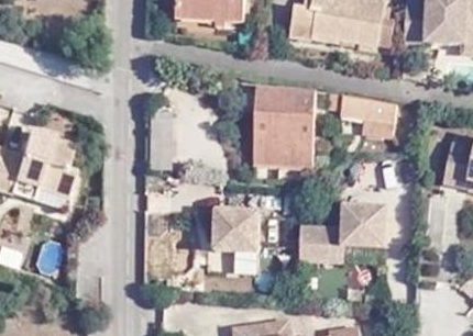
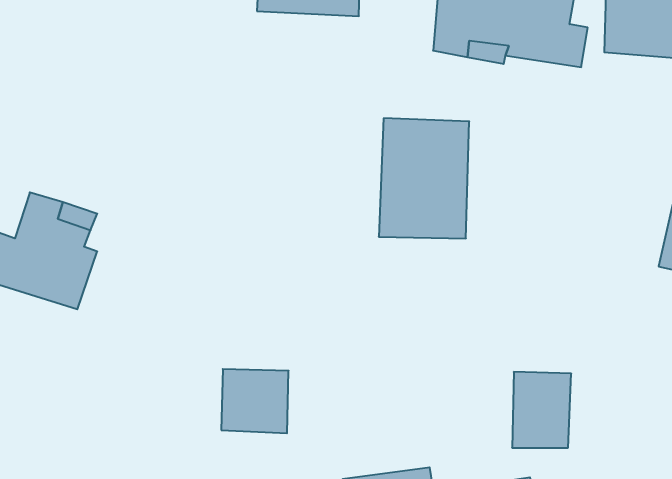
building: [330,90,397,134] -> none
building: [299,201,386,259] -> none
building: [213,206,258,249] -> [221,369,289,433]

